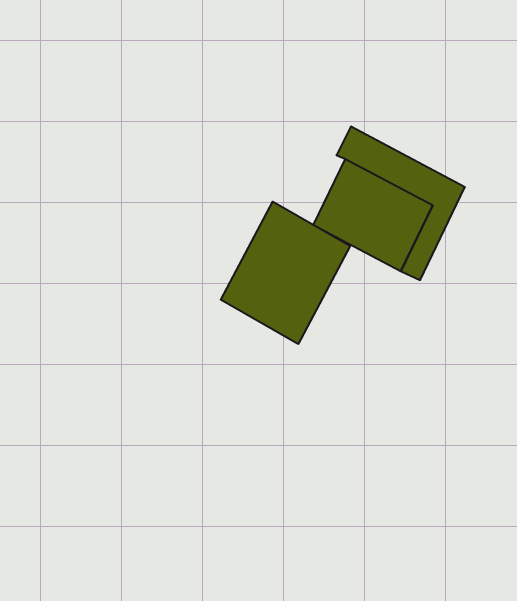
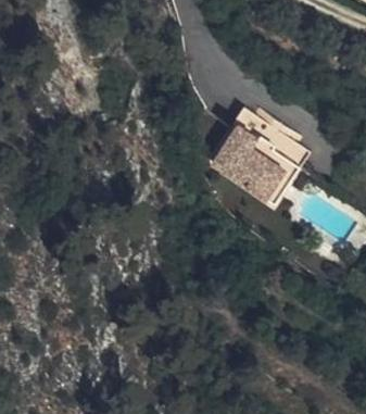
building: [221,202,350,344] -> none

